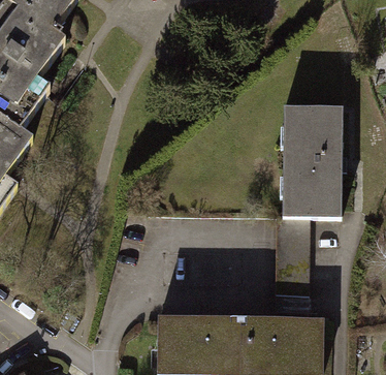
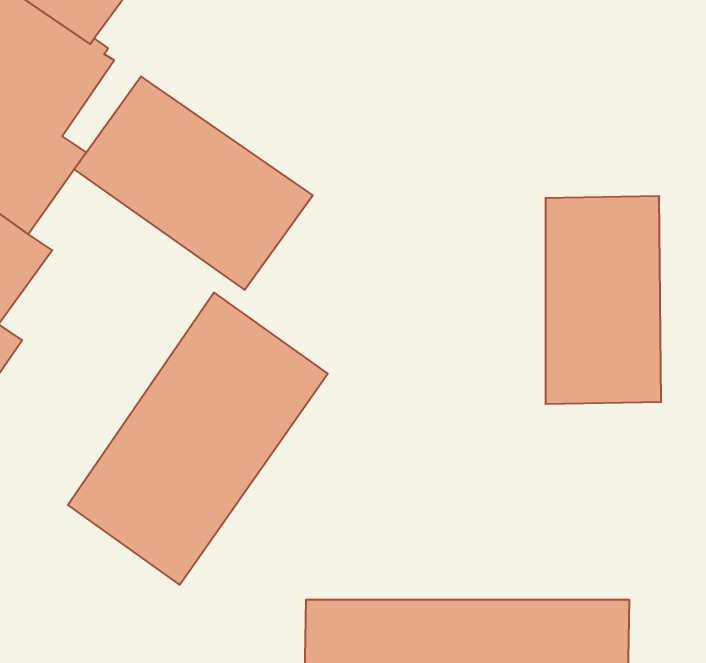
building: none -> [74,76,313,290]
building: none -> [68,292,328,585]

